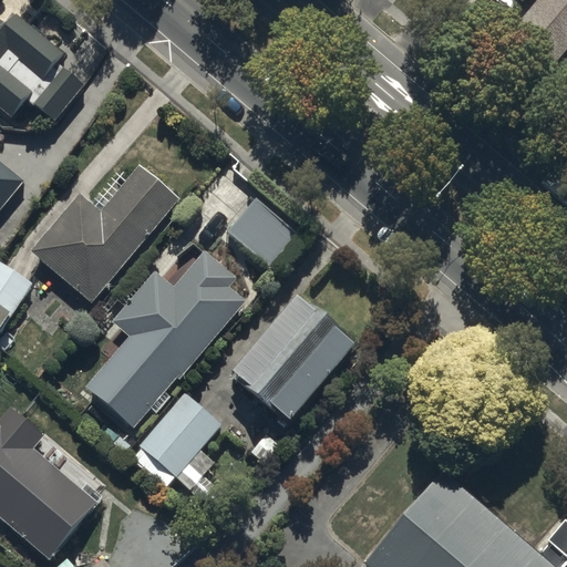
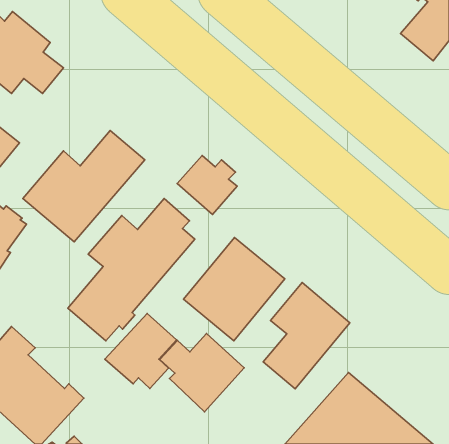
building: none -> [263,283,350,389]
building: none -> [160,334,244,412]

